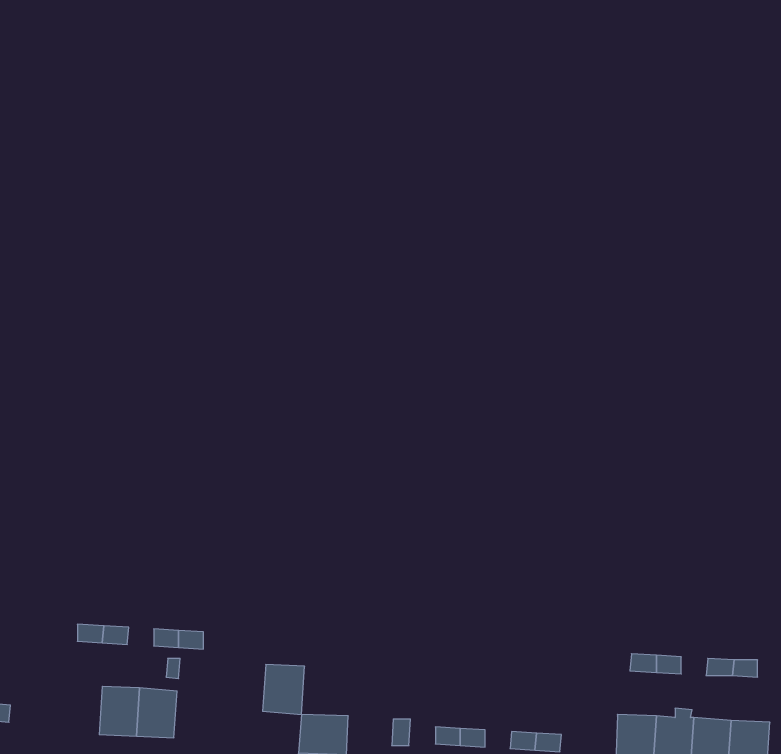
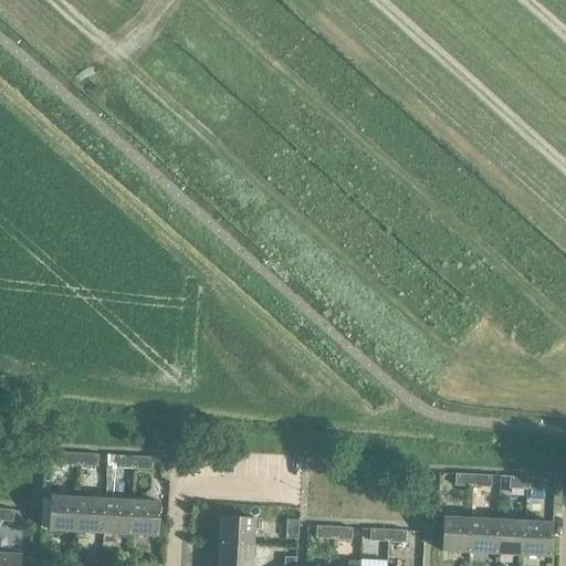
building: [263,665,305,714] -> [130,500,160,535]
building: none -> [50,495,80,531]

